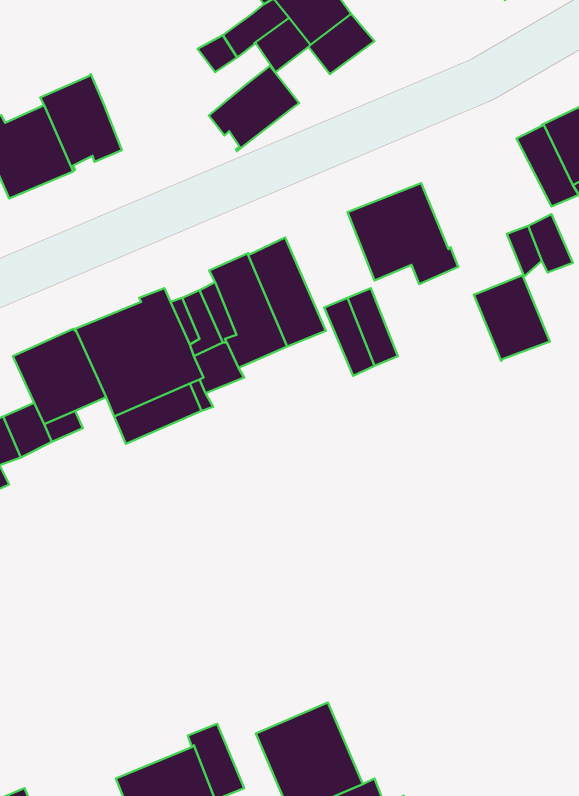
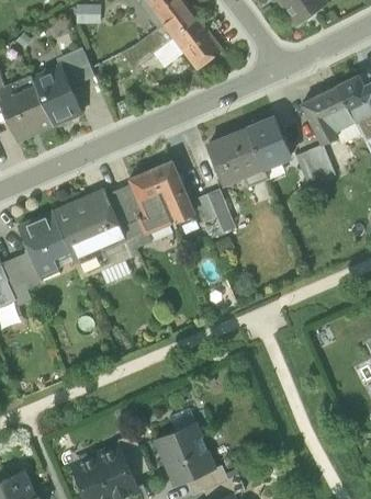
building: none -> [57,52,93,86]
building: [209,65,299,151] -> none
building: [474,275,550,361] -> [248,118,291,167]

